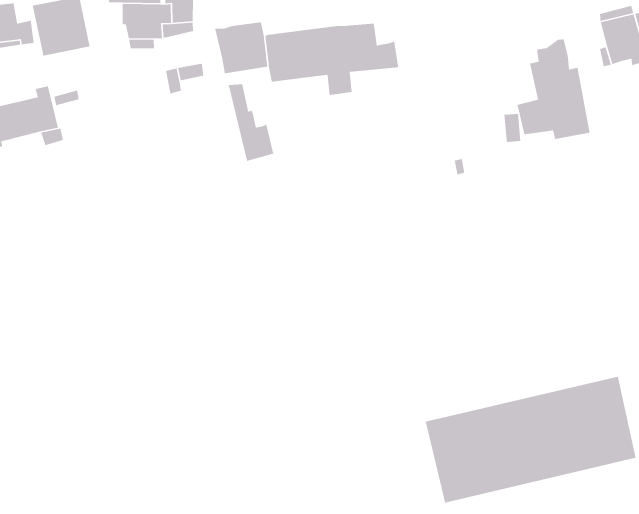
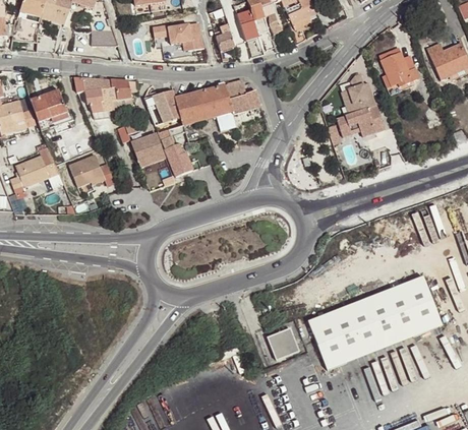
building: none -> [130,132,165,166]
building: none -> [68,155,114,187]
building: none -> [267,328,298,359]

